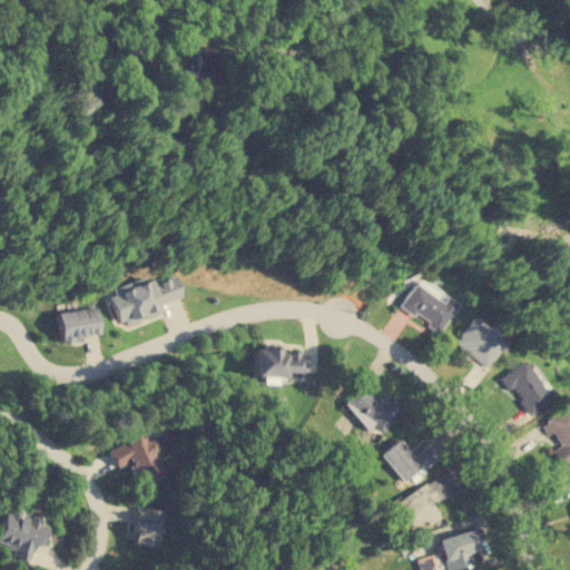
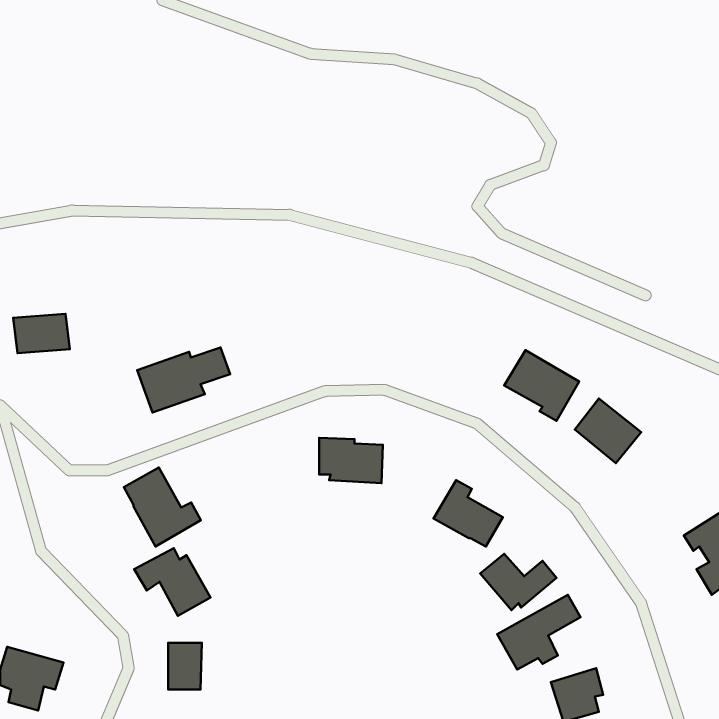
building: [57,308,101,340] -> [13,314,70,353]
building: [500,360,559,416] -> none
building: none -> [124,467,201,547]

